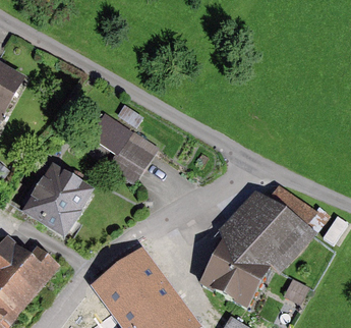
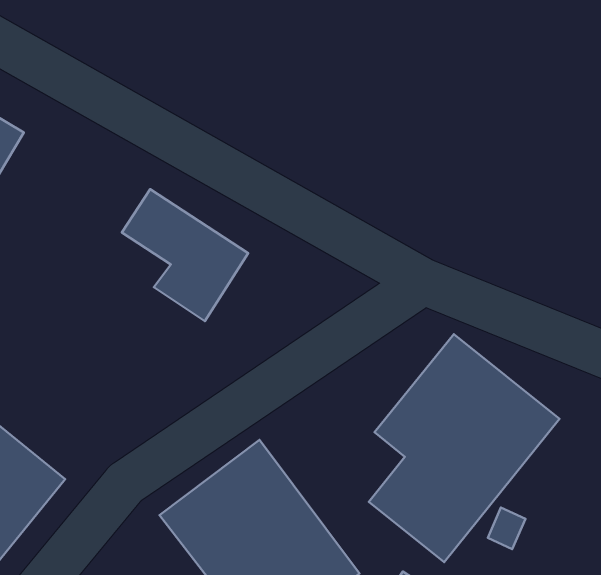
building: [30,166,104,241] -> none

